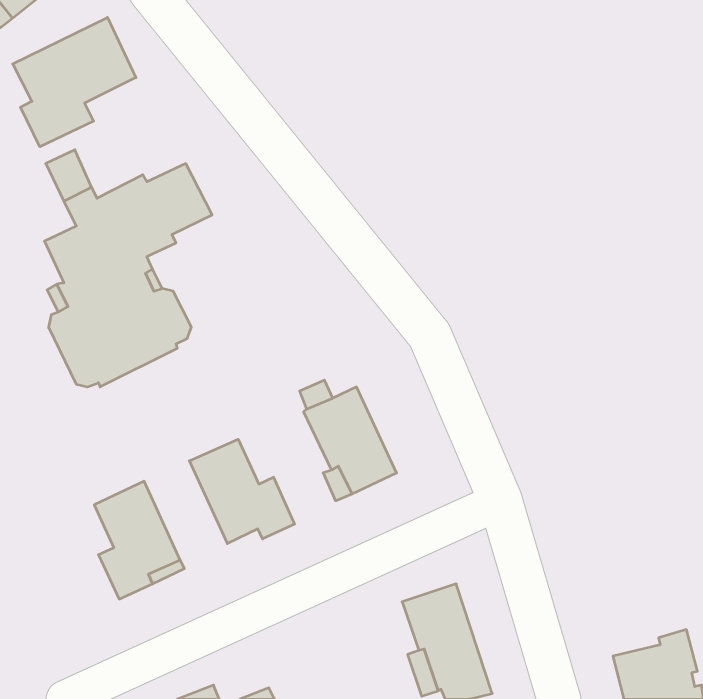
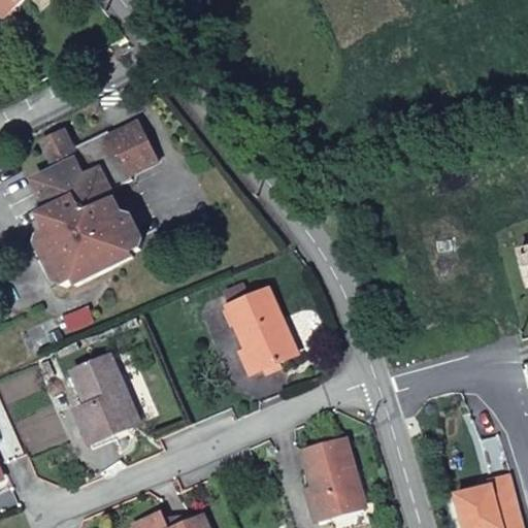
building: [13,17,136,147] -> none
building: [189,439,295,544] -> none

